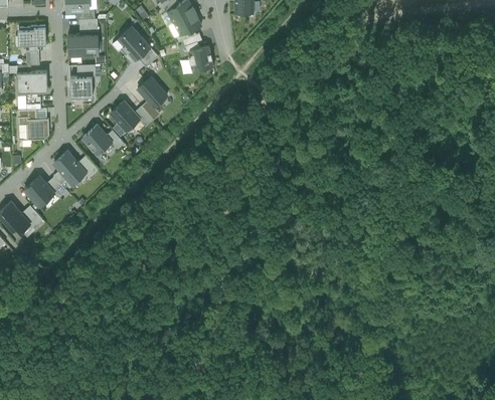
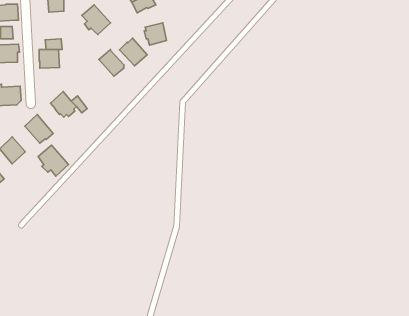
building: [67,34,99,55] -> none
building: none -> [119,38,147,66]
building: [109,99,140,131] -> none
building: none -> [38,145,68,176]

